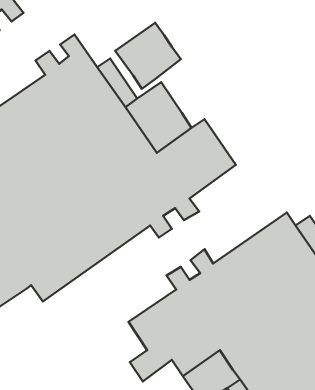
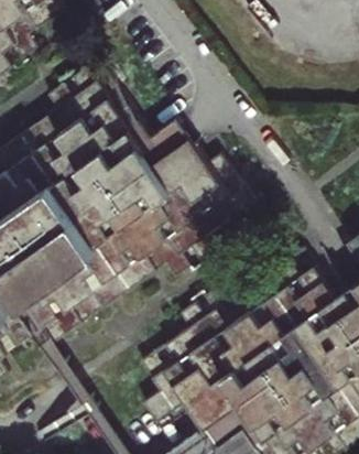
building: [115,23,181,89] -> none

